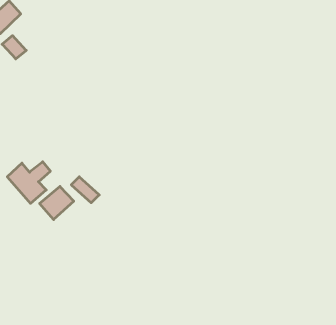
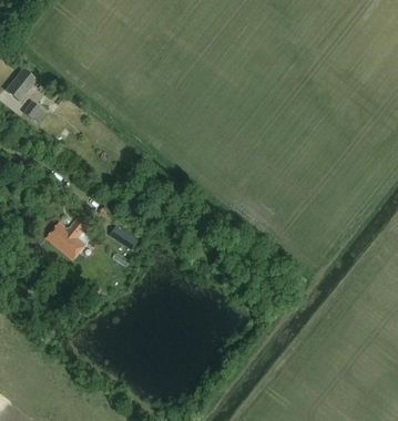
building: [40,186,74,220] -> none

